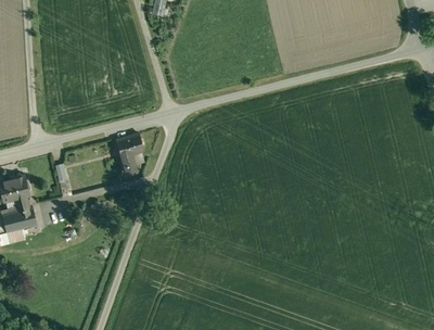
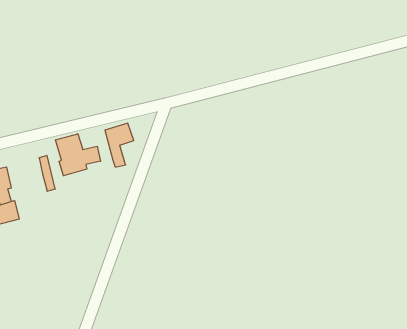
building: none -> [56,134,101,176]

